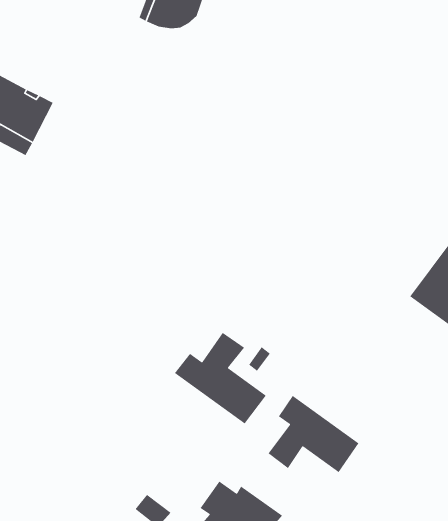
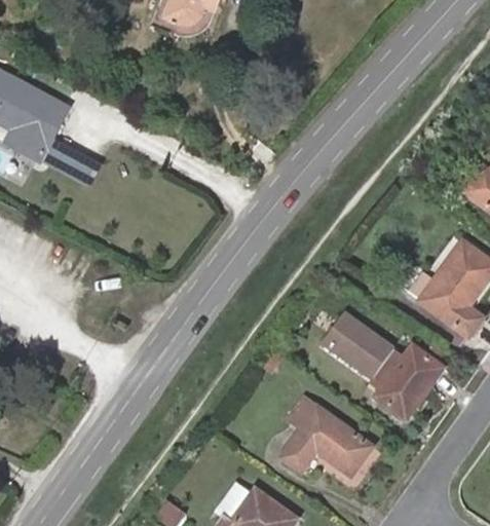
building: none -> [324,314,443,420]
building: [174,332,267,425] -> none

